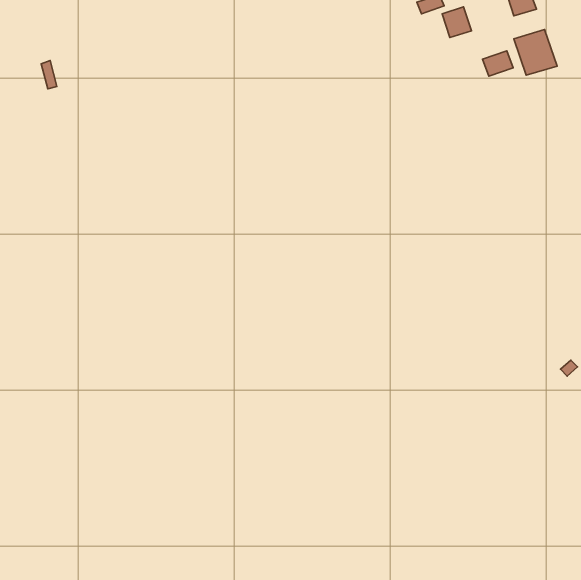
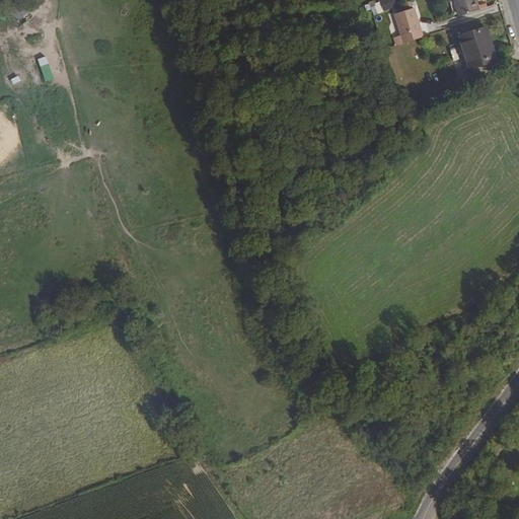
building: [483,51,513,76] -> none

